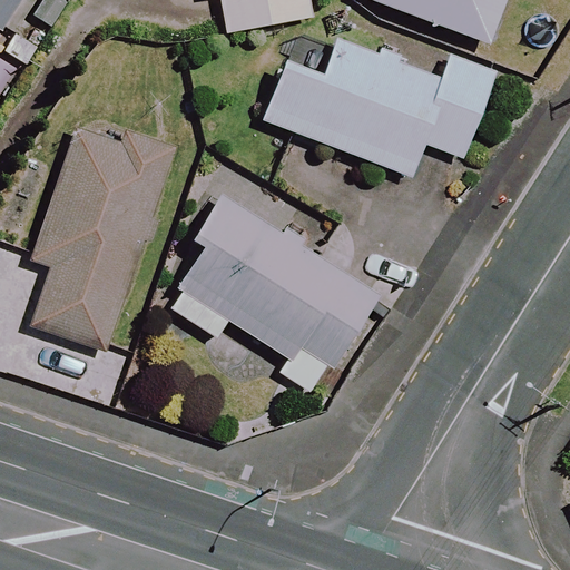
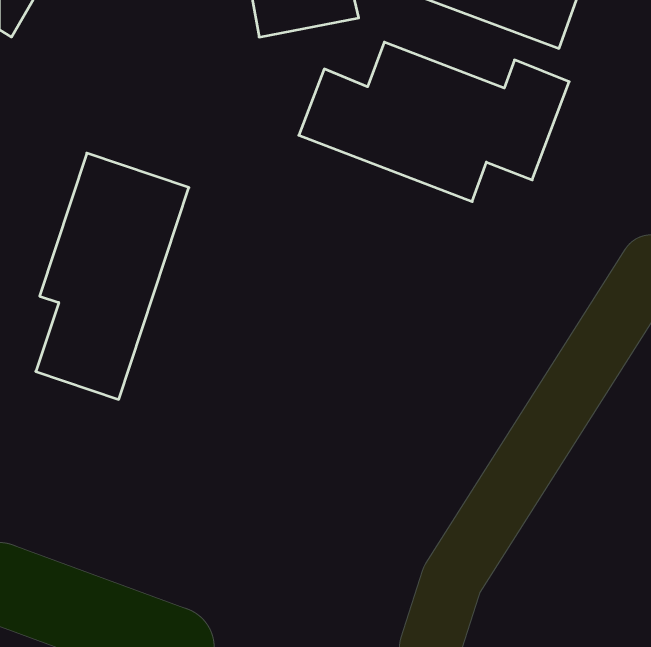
building: [159,197,383,399] -> none

